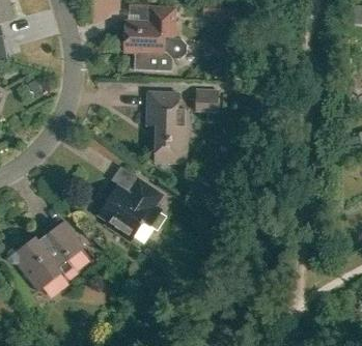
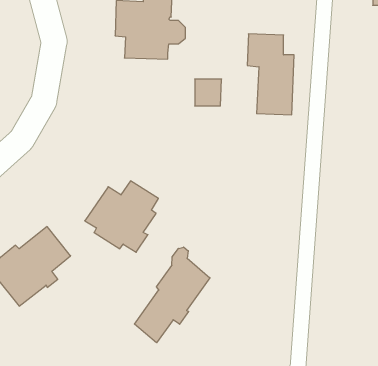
building: [146,90,188,162] -> [247,34,294,115]
building: none -> [134,247,210,343]

